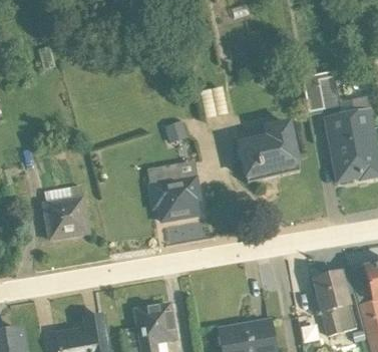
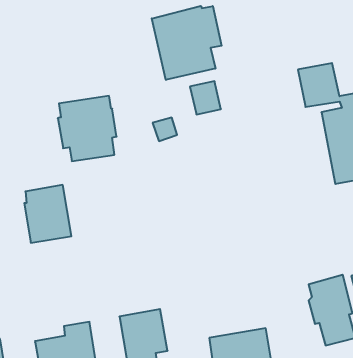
building: none -> [152,6,222,80]
building: [236,120,301,183] -> none
building: [146,161,202,223] -> [58,96,117,161]

